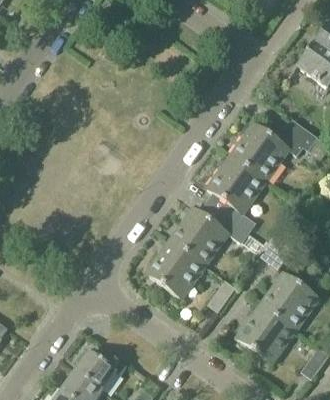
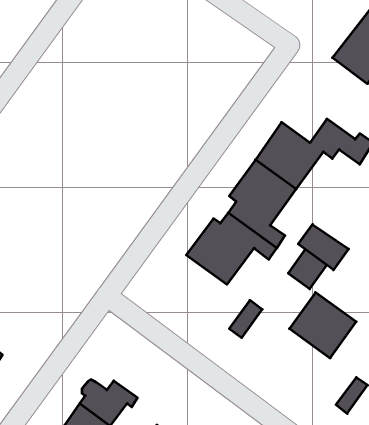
building: none -> [298,224,349,270]
building: [145,240,204,299] -> none
building: [236,305,295,364] -> none

